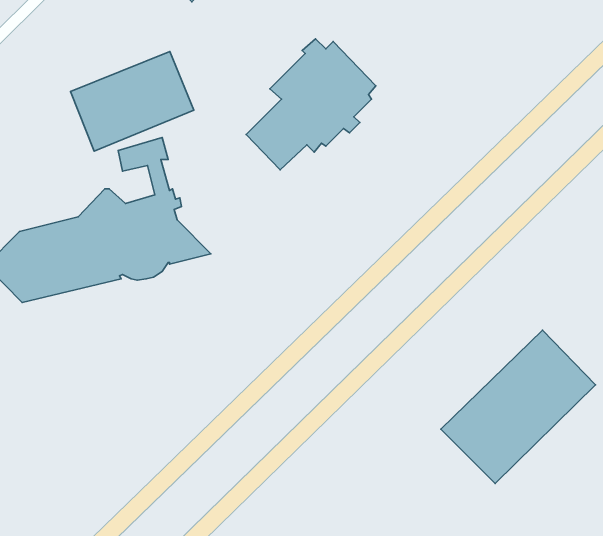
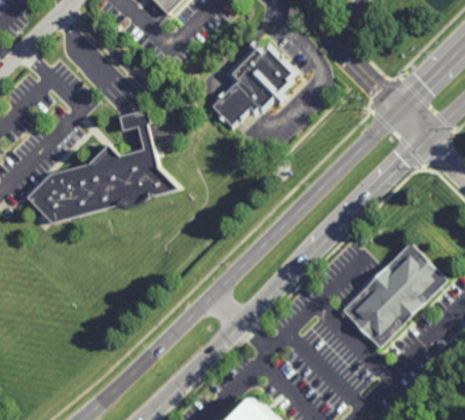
building: [71,52,194,151] -> none

